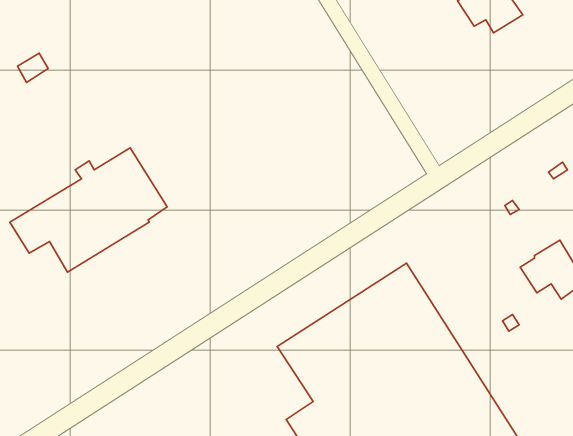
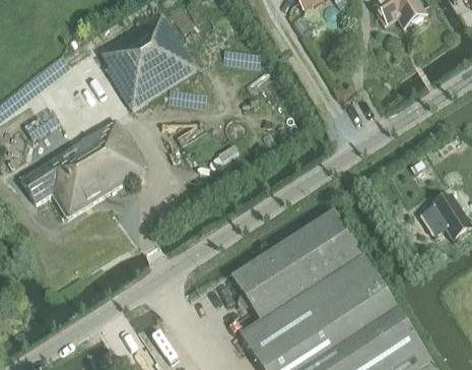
building: none -> [99,11,197,109]

